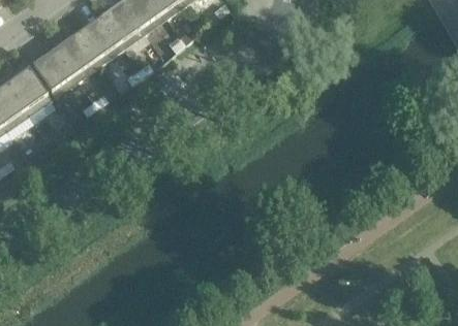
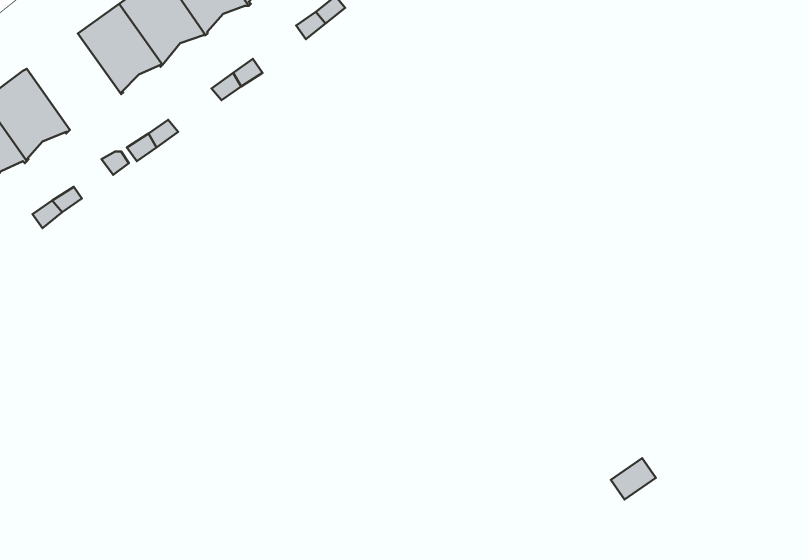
building: [30,48,77,97] -> none

